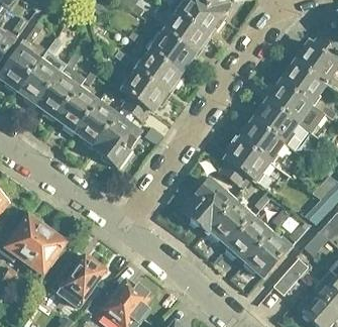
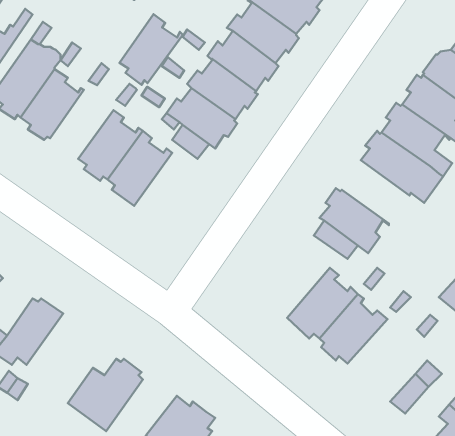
building: [39,72,83,120] -> [120,14,183,85]
building: [97,115,141,166] -> none
building: [239,120,286,164] -> none
building: [182,180,231,228] -> none
building: [23,225,65,279] -> none
building: [242,229,291,278] -> none

